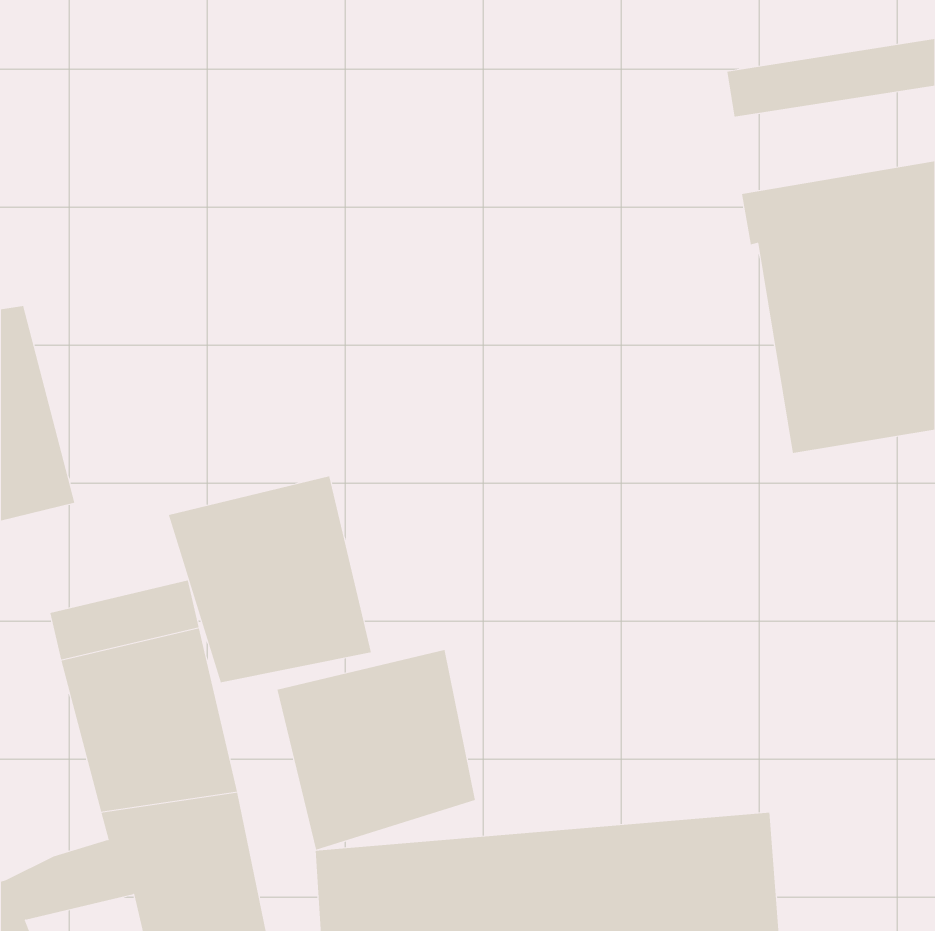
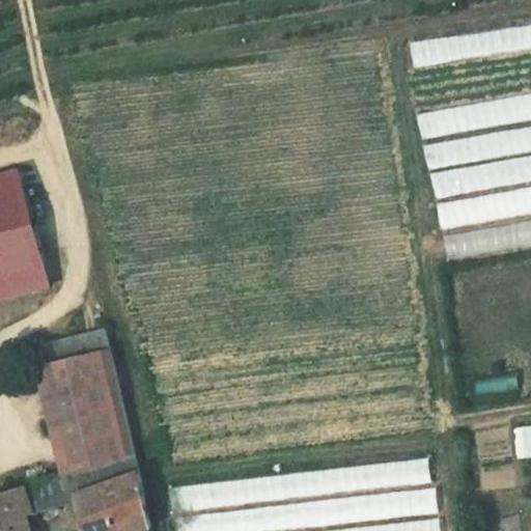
building: [168,475,371,683] -> none
building: [277,649,475,850] -> none

